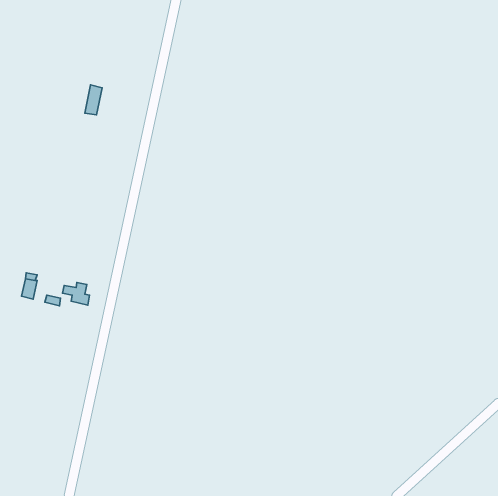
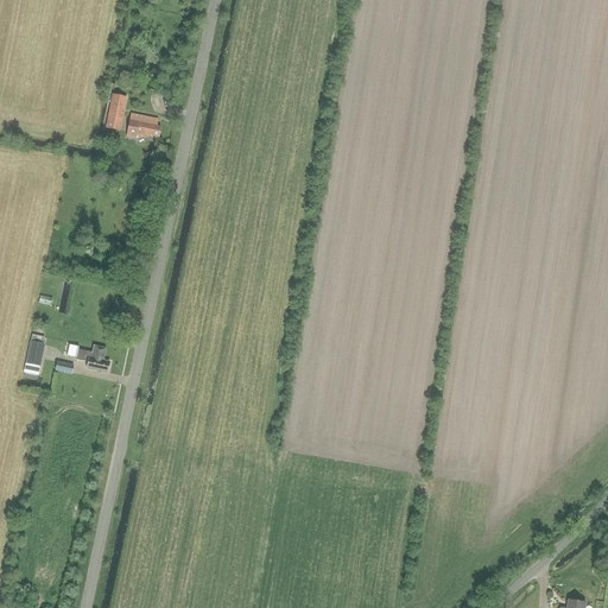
building: none -> [127,112,162,138]

